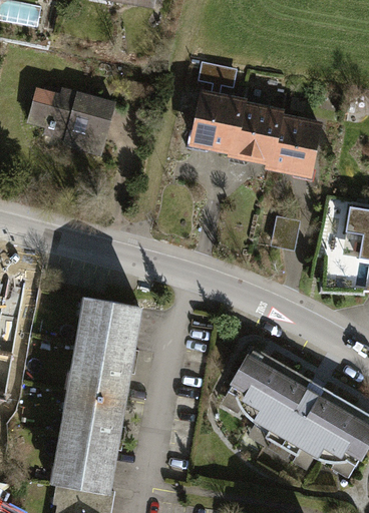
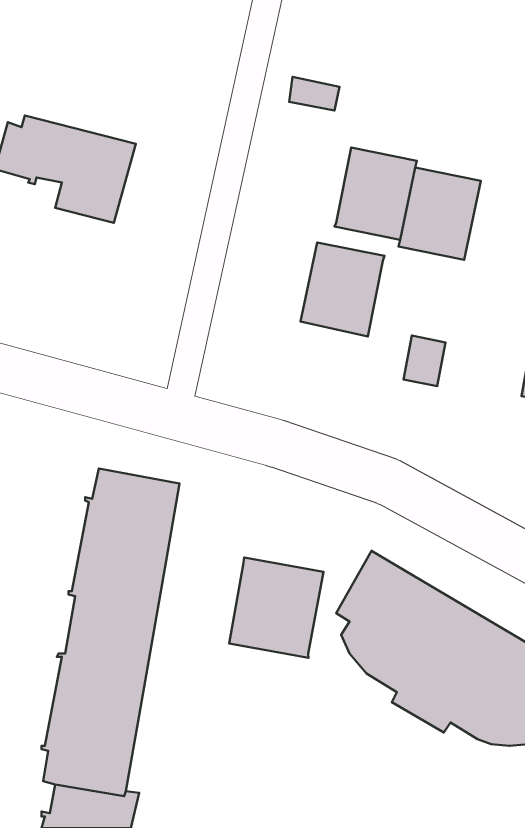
building: [193,95,243,151] -> [300,242,385,337]
building: none -> [229,557,324,658]

